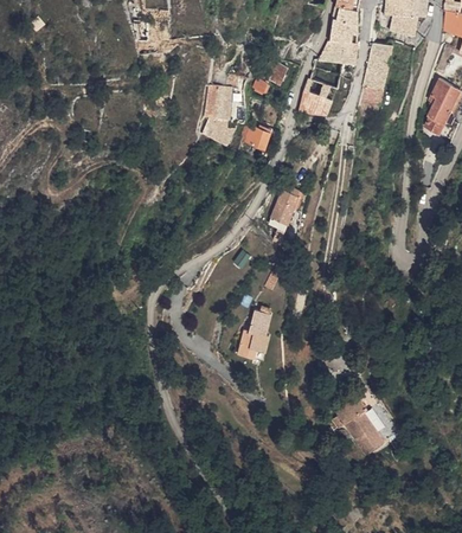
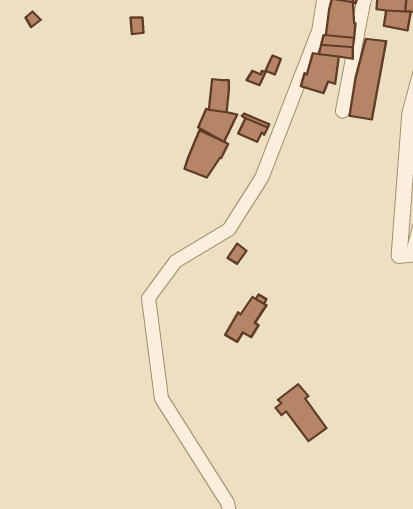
building: [300,92,335,116] -> none
building: none -> [185,130,228,177]
building: [272,186,301,229] -> none
building: [334,399,385,456] -> [276,384,326,441]

